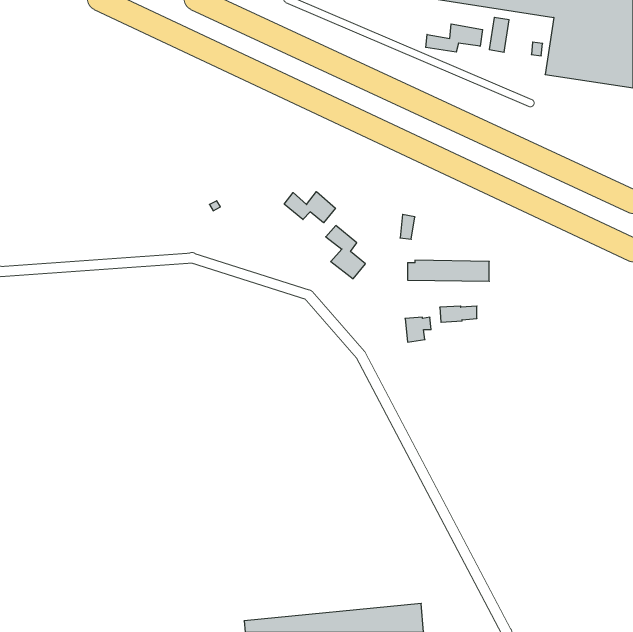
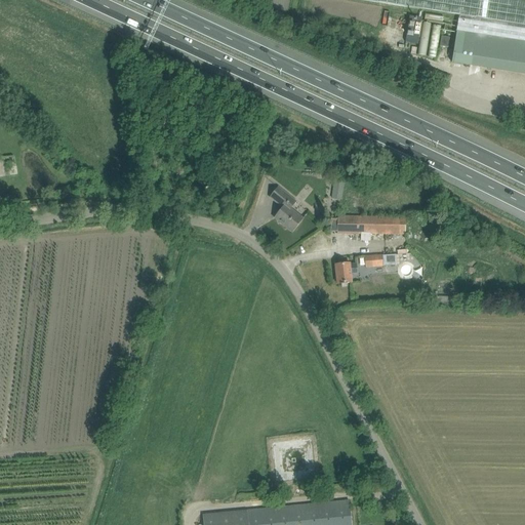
building: [426,24,483,52] -> none
building: [284,192,335,223] -> none

